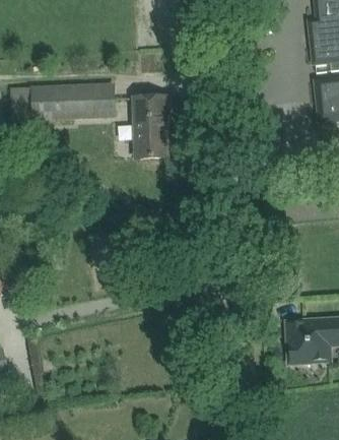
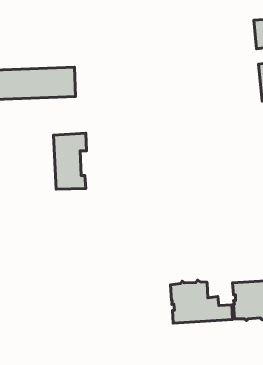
building: [132,96,168,158] -> [54,133,87,189]
building: none -> [170,280,233,323]

